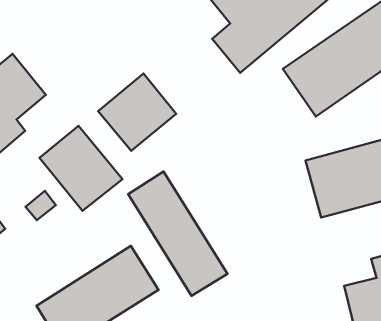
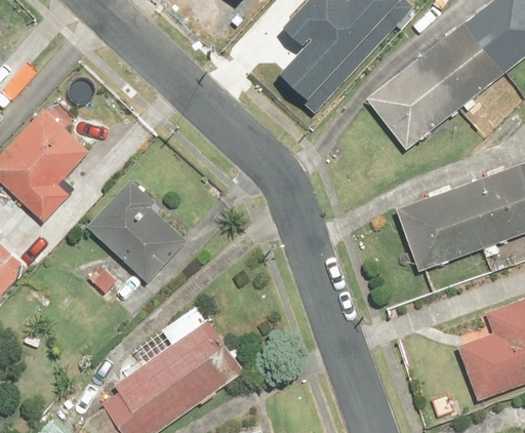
building: [98,74,176,151] -> none
building: [128,172,227,296] -> none

